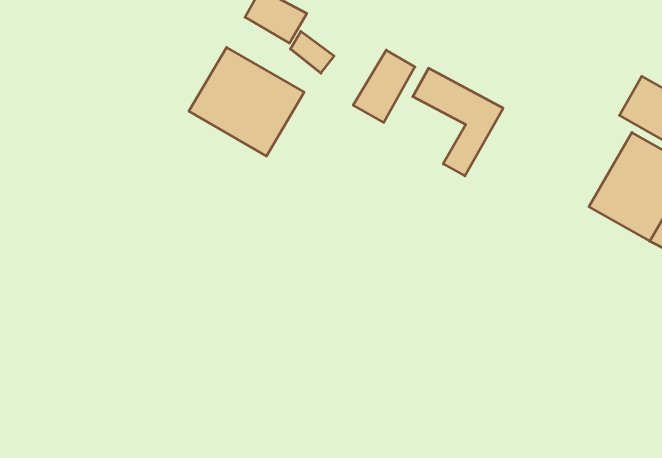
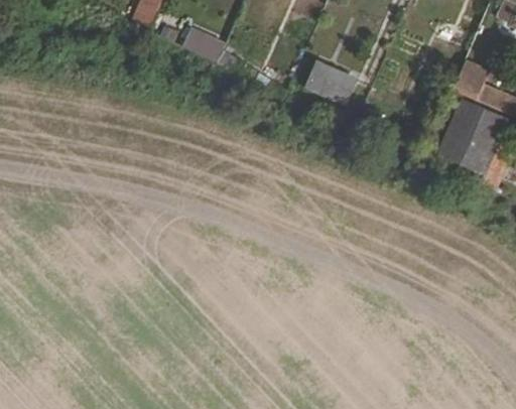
building: [189,47,304,156] -> none
building: [353,50,415,122] -> none

